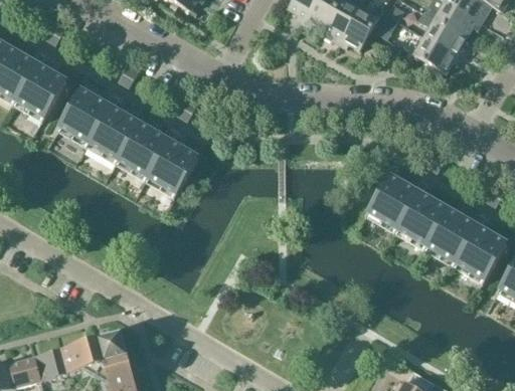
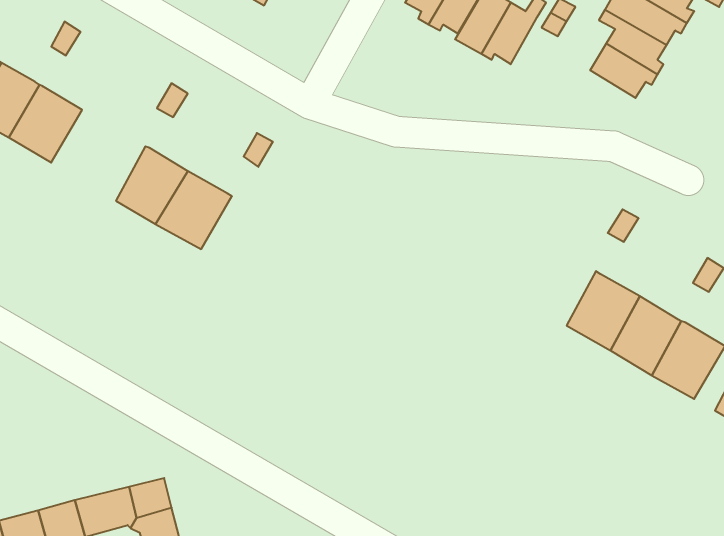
building: [60,88,110,143] -> none
building: [148,140,198,193] -> none
building: [368,174,418,228] -> none

